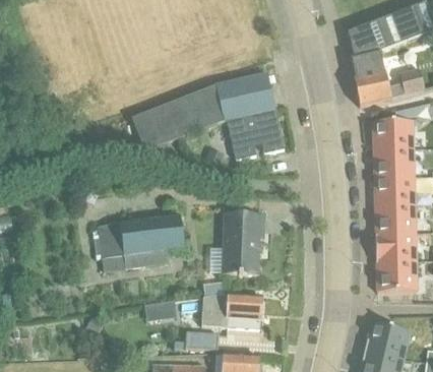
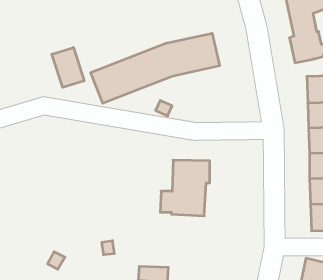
building: none -> [52,47,84,87]
building: [226,109,284,159] -> none
building: [97,214,188,270] -> none
building: [201,293,261,328] -> none

